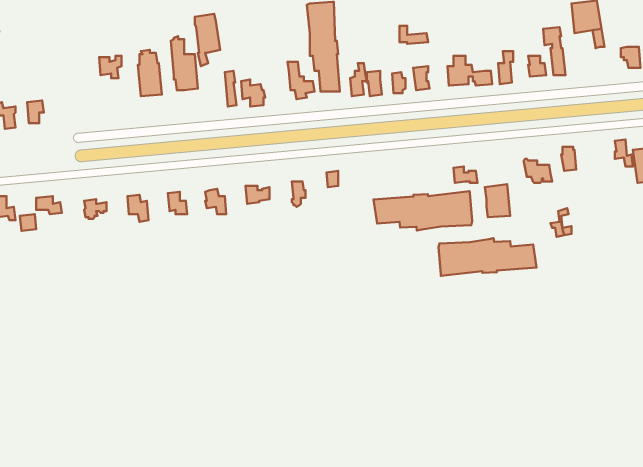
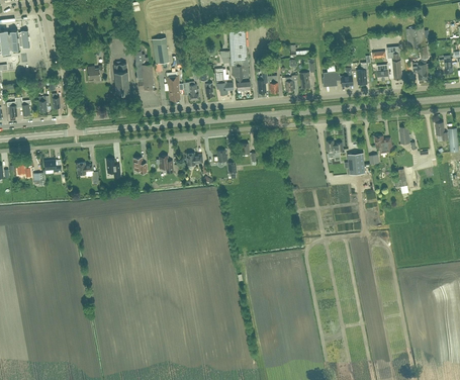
building: [374,191,472,230] -> none
building: [438,238,537,276] -> none

